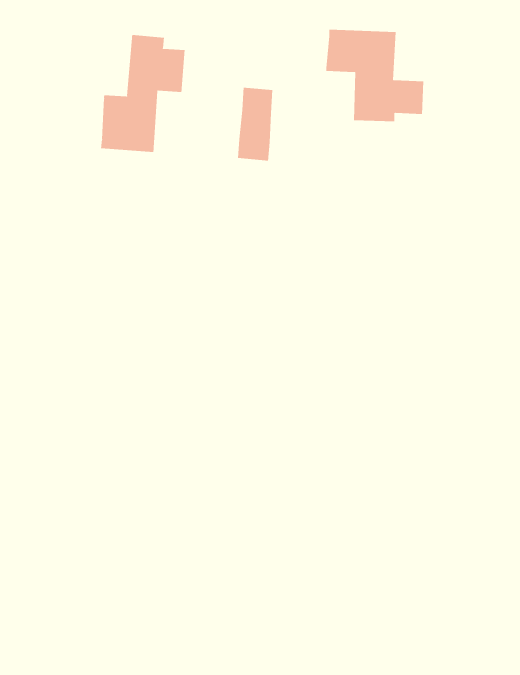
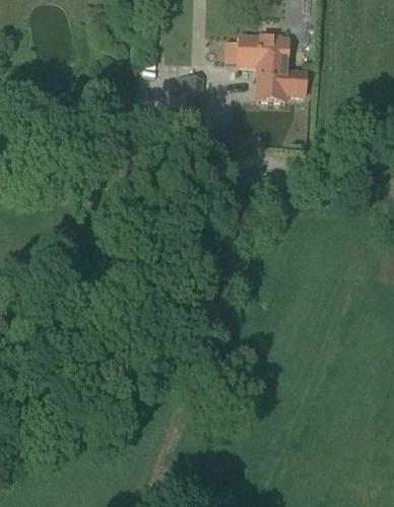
building: [101,34,185,153] -> none

